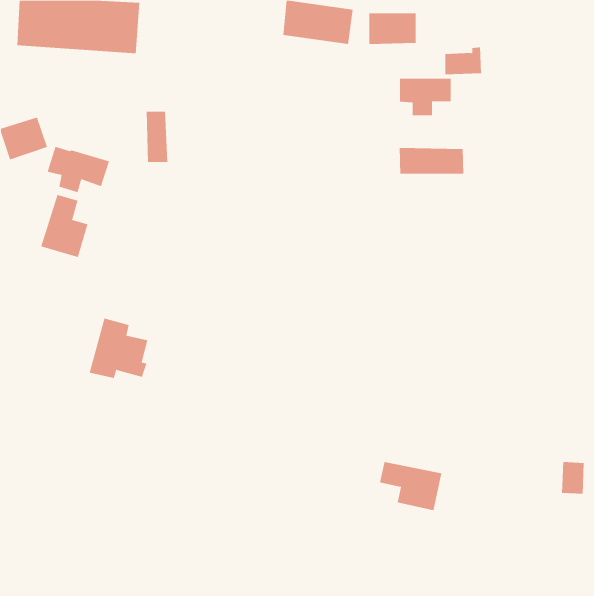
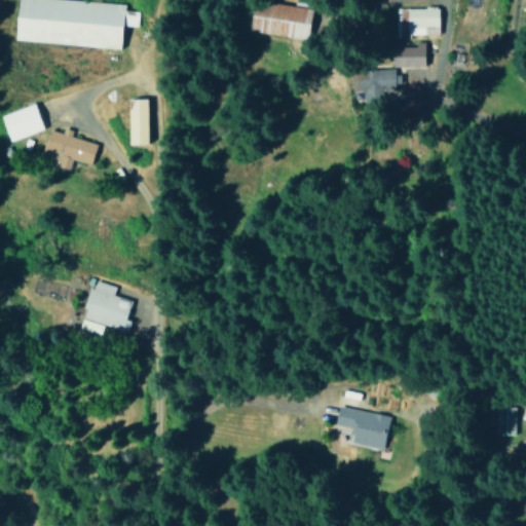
building: [369,13,416,44] -> [398,8,440,36]
building: [399,147,464,174] -> none
building: [40,194,88,258] -> none

